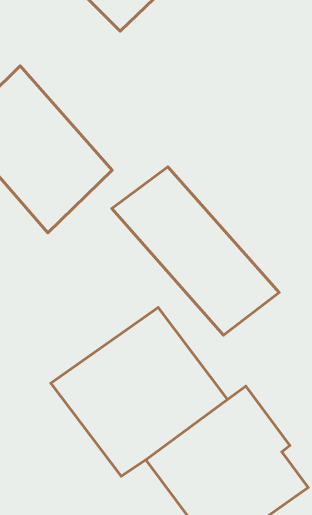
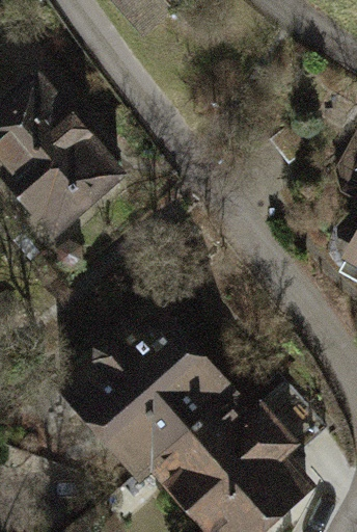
building: [112,167,279,335] -> none

